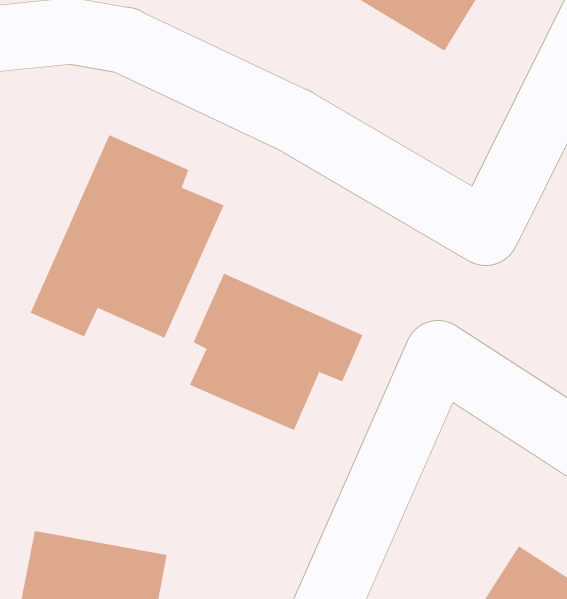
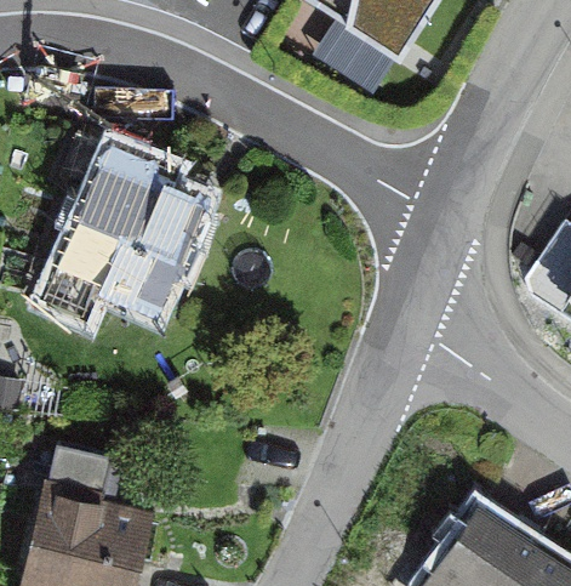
building: [189,273,363,431] -> none

